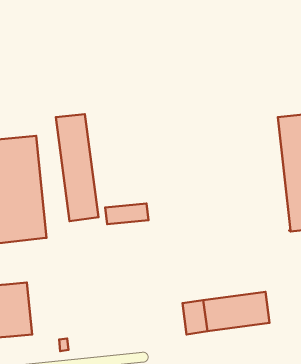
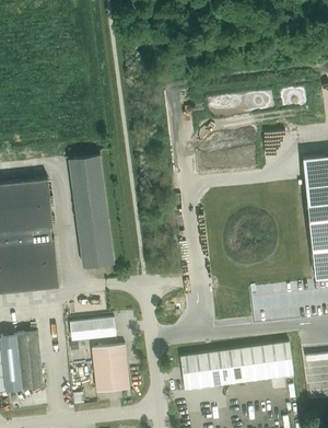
building: [105,203,149,224] -> [69,319,115,340]
building: none -> [91,345,129,392]
building: none -> [179,355,206,390]

